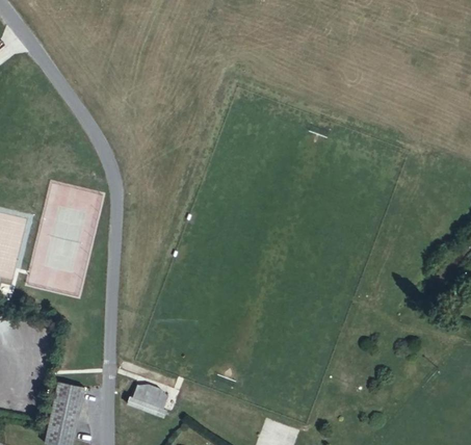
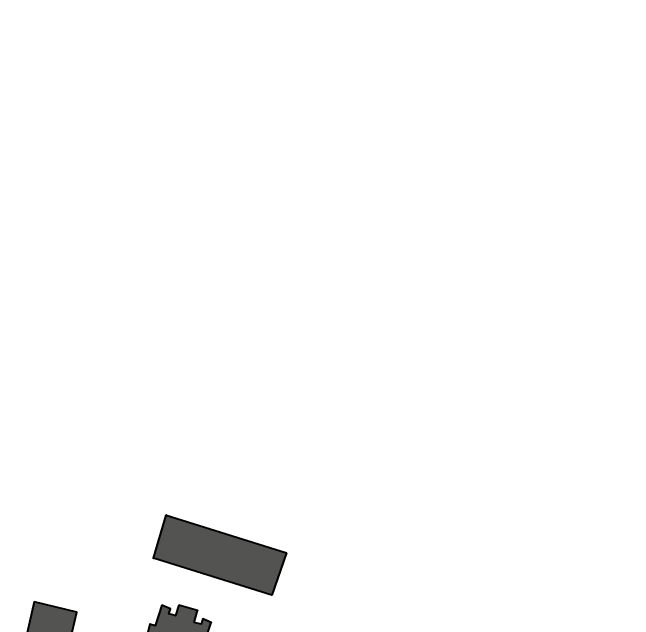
building: none -> [153,515,286,595]

